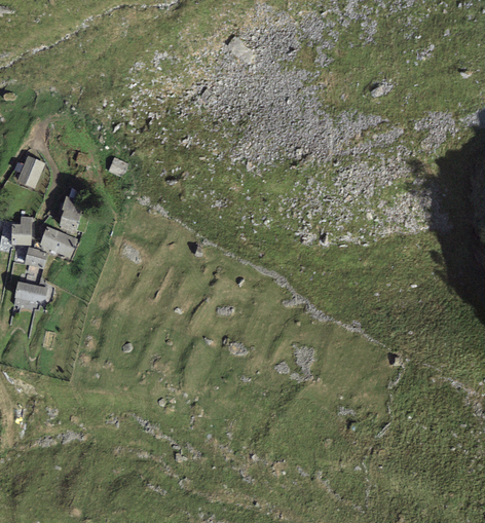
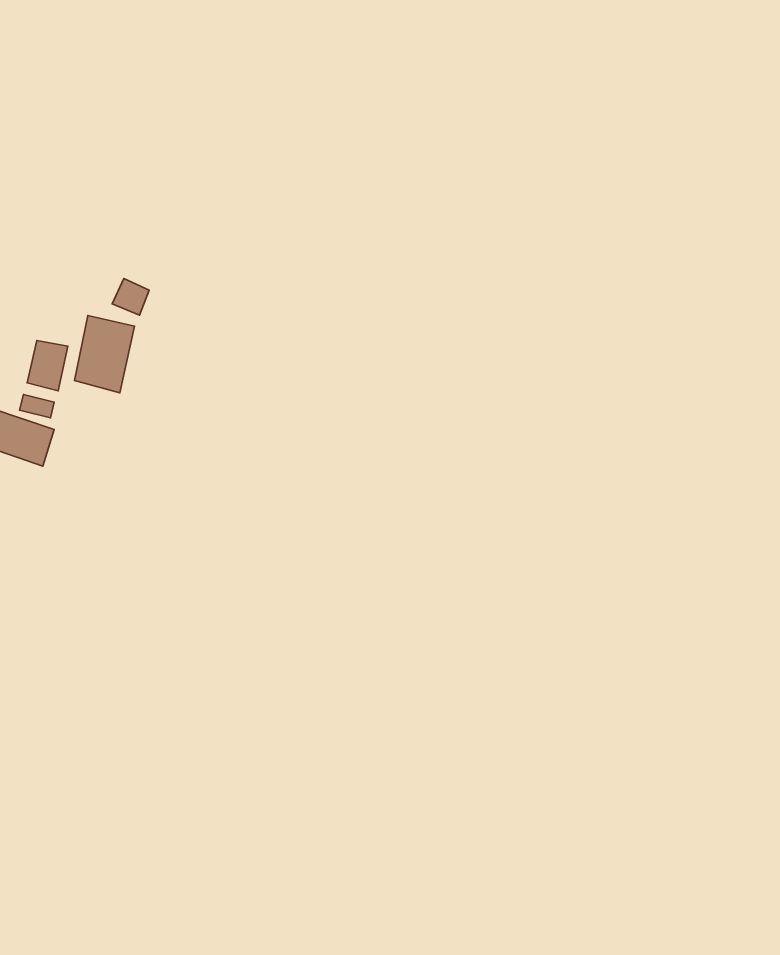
building: none -> [75,315,134,393]

